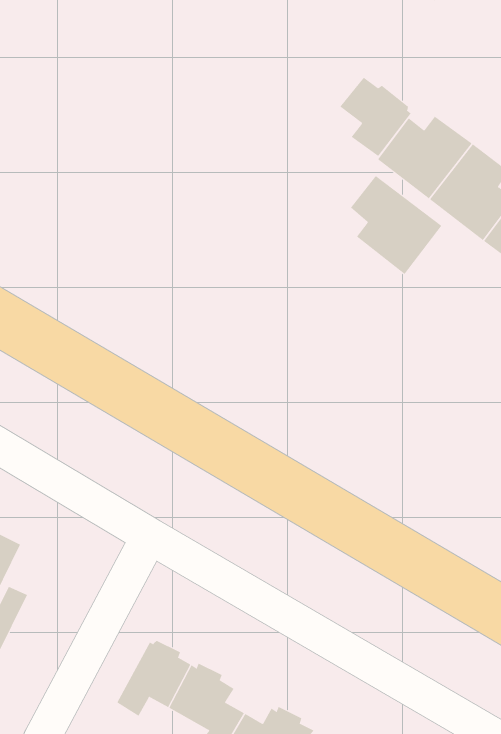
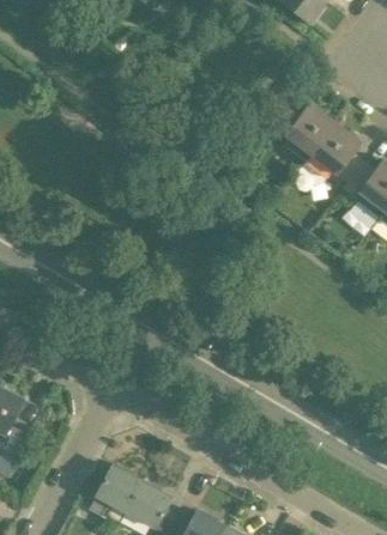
building: [339,77,412,157] -> none
building: [350,175,442,275] -> none

